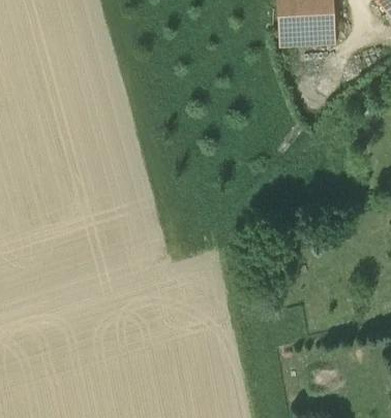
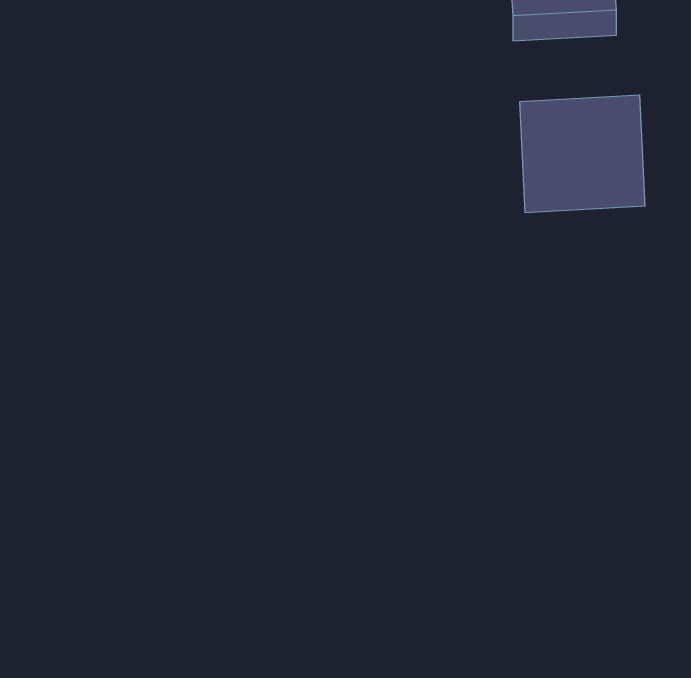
building: none -> [520,95,645,213]

